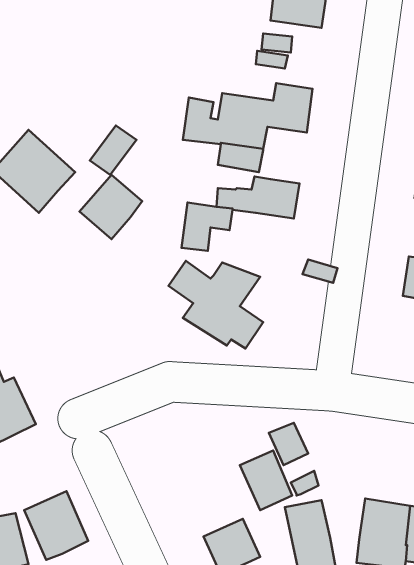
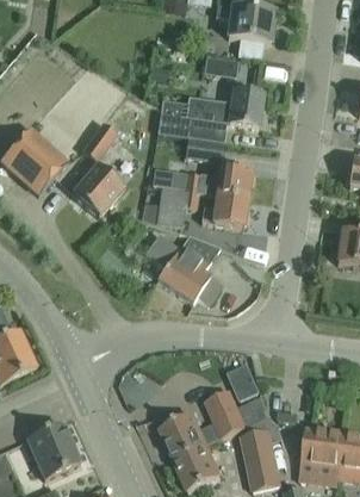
building: none -> [201,194,247,228]
building: none -> [160,414,205,459]

